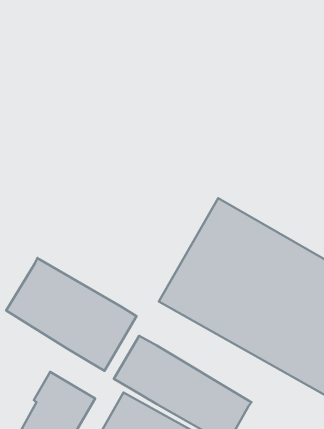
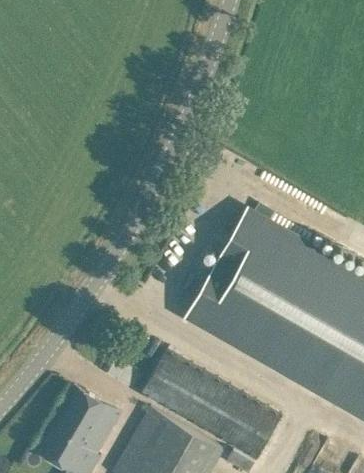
building: [6,258,137,371] -> none

